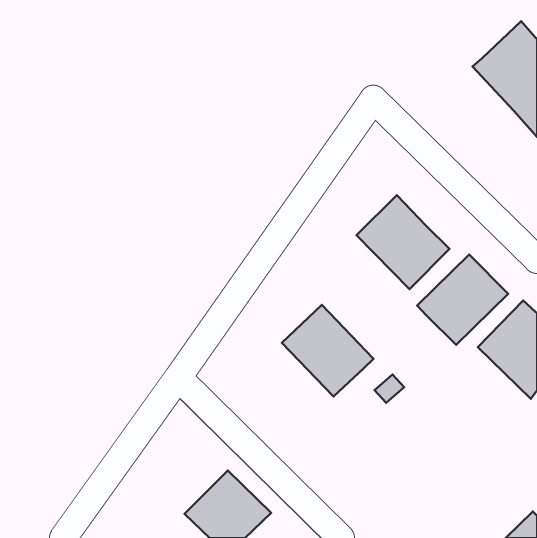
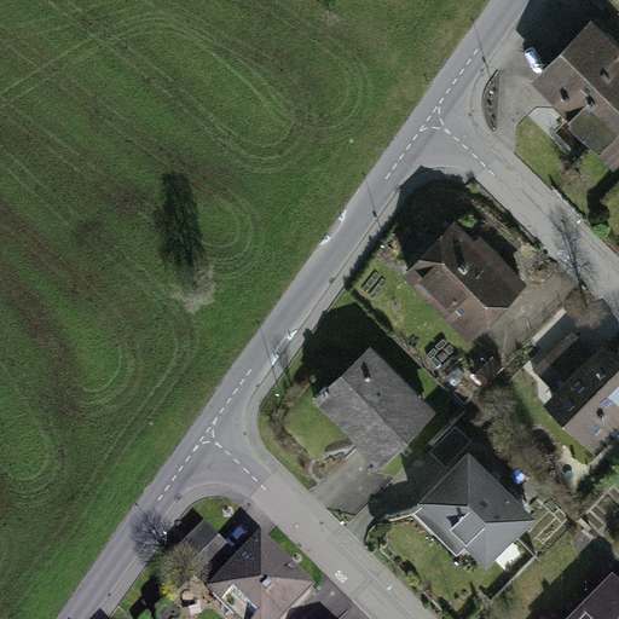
building: [417,255,508,345] -> none
building: none -> [417,455,539,574]

